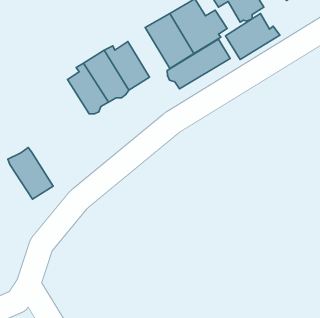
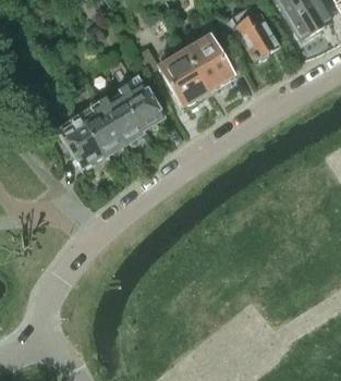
building: [226,14,280,60] -> none
building: [167,39,230,89] -> none
building: [8,147,53,199] -> [57,113,102,165]

